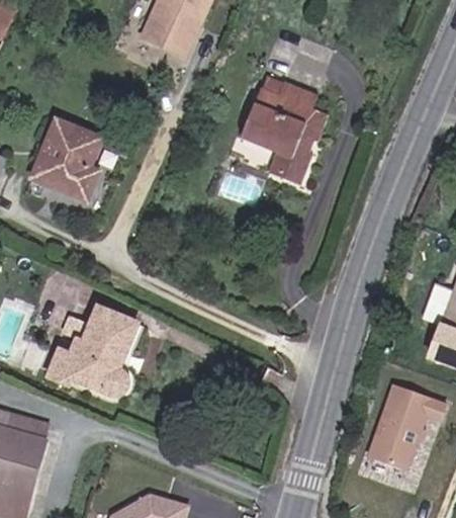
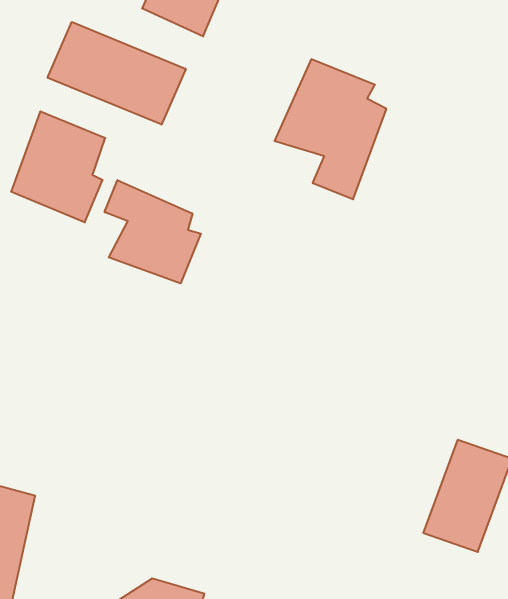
building: none -> [48,22,186,125]
building: none -> [105,180,201,283]
building: [42,308,140,401] -> none

